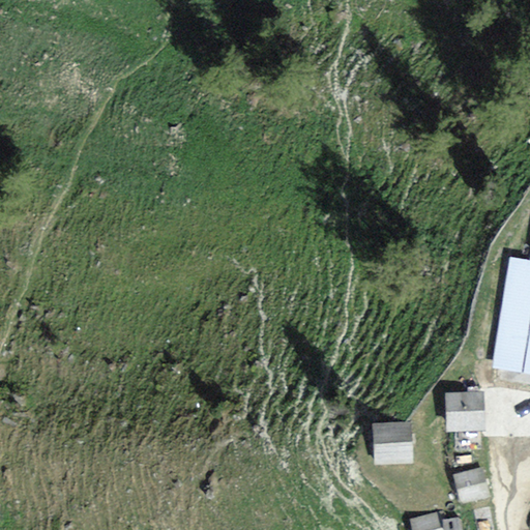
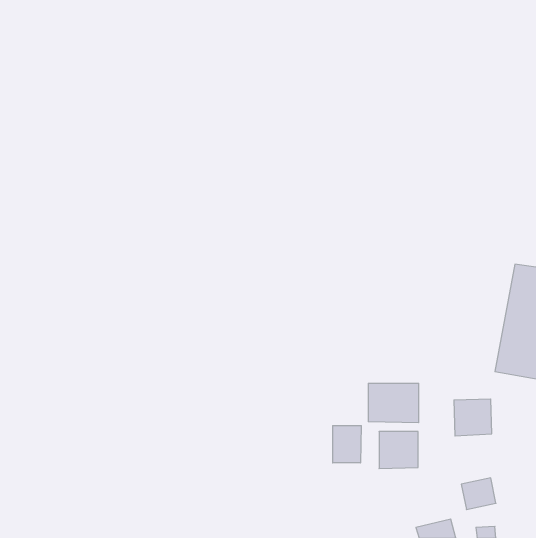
building: none -> [368,383,419,423]
building: none -> [333,426,361,463]

